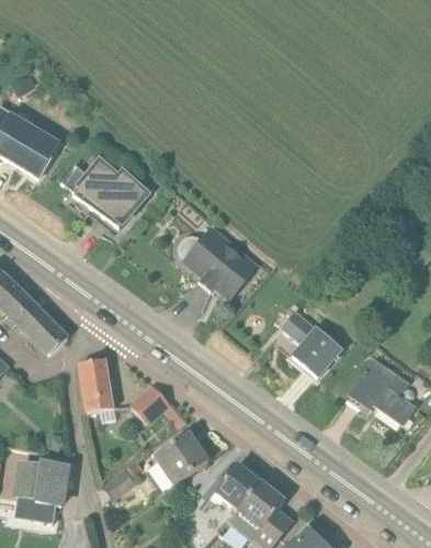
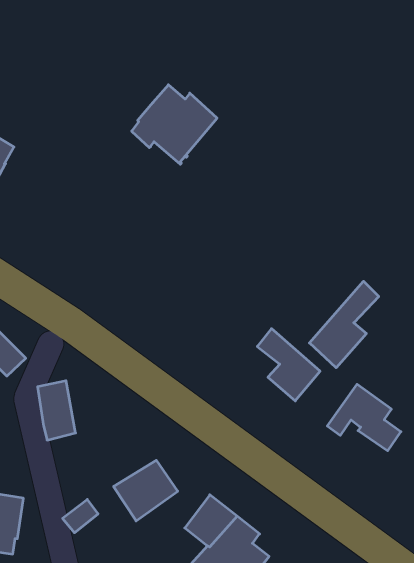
building: [68,160,147,234] -> [132,85,217,164]
building: [180,226,253,299] -> none
building: none -> [309,281,379,368]
building: [129,384,170,424] -> none

